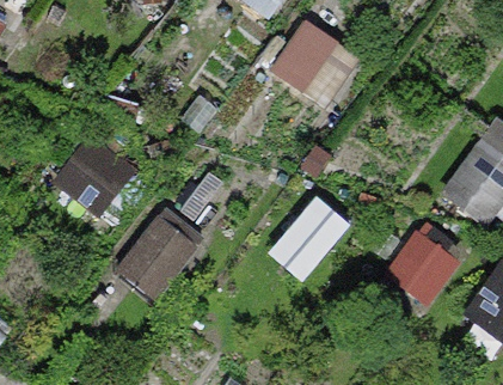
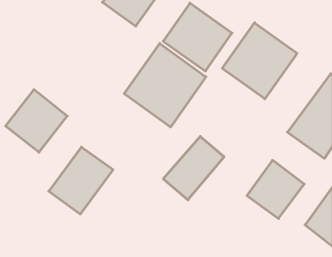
building: none -> [222,23,297,99]
building: none -> [124,43,206,127]

